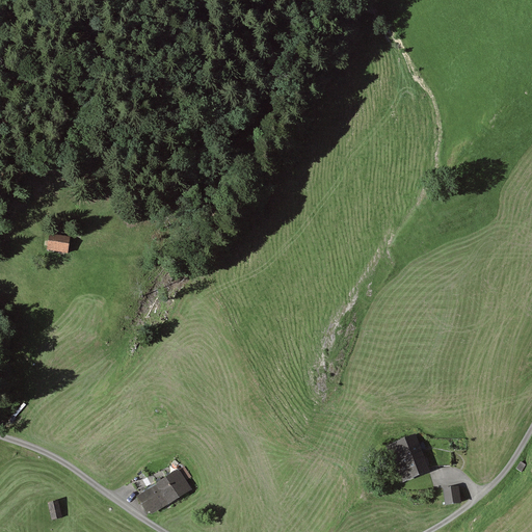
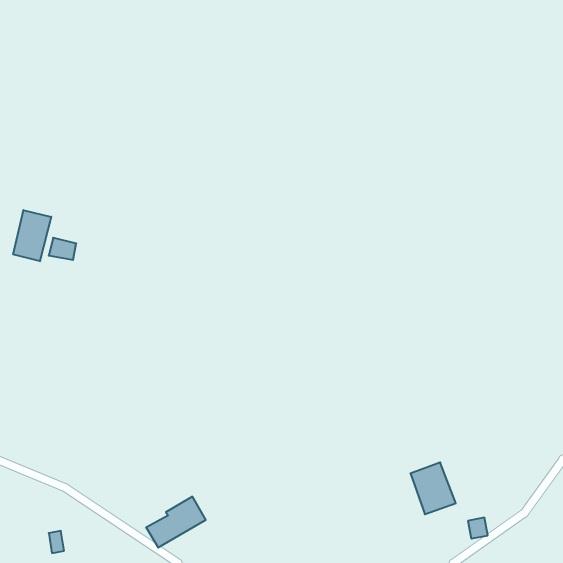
building: none -> [13,210,51,261]

